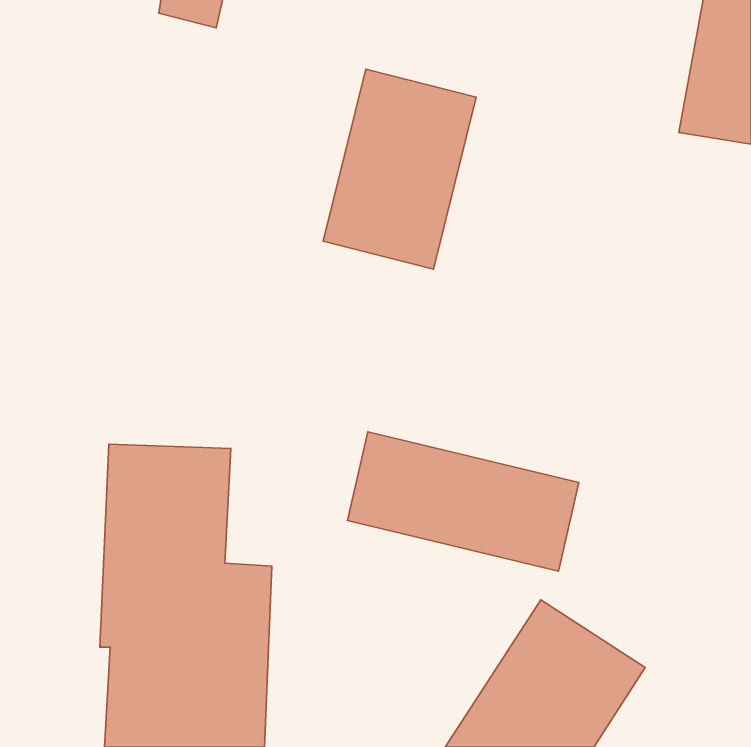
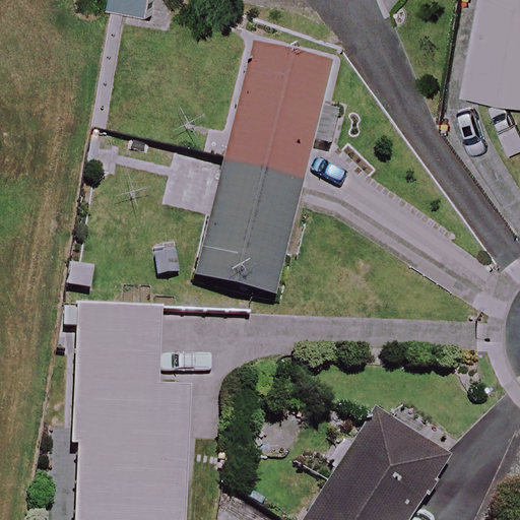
building: none -> [197,167,300,296]
building: [347,432,579,571] -> none

